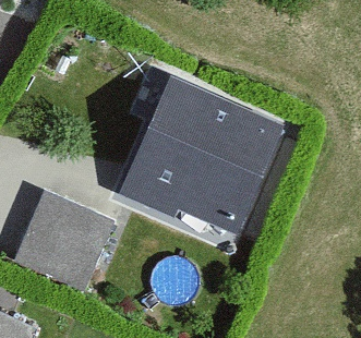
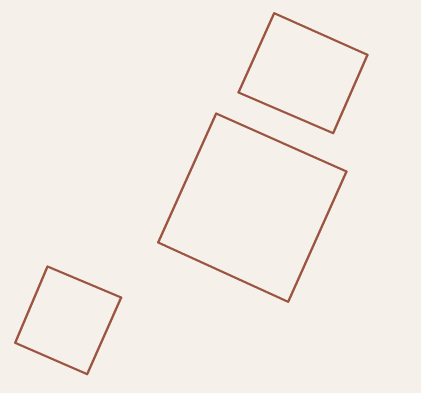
building: none -> [238,13,368,133]

